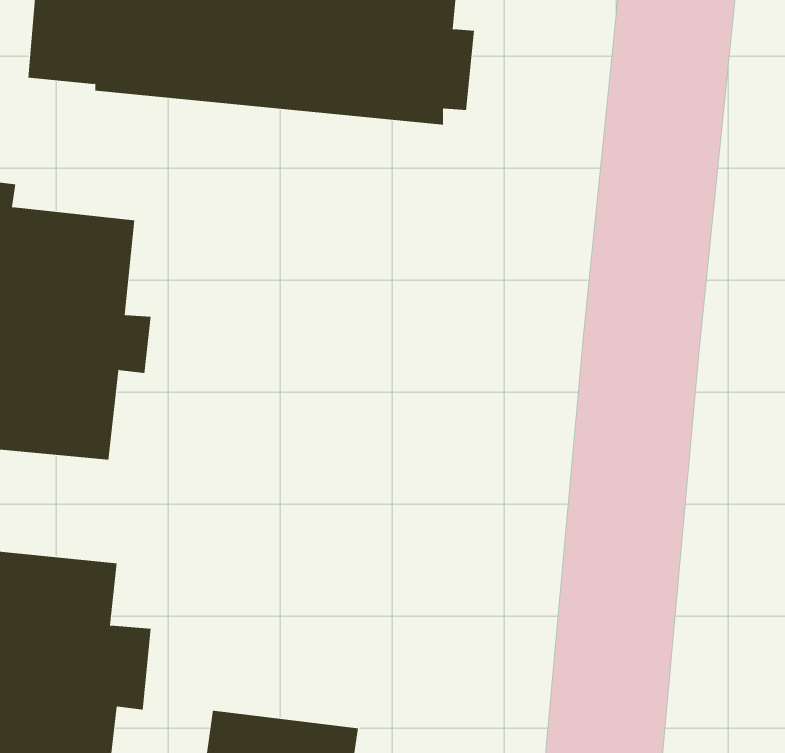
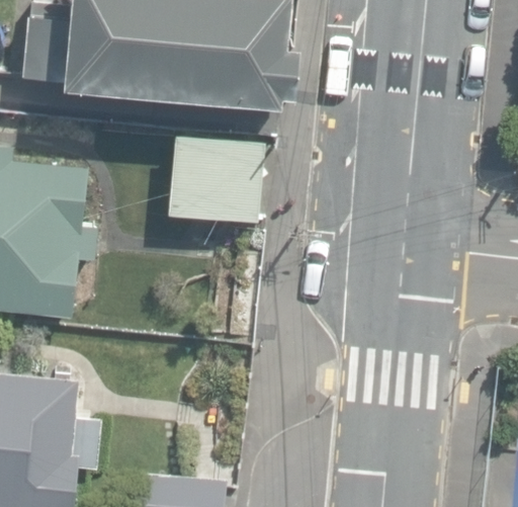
building: none -> [167,138,263,224]

